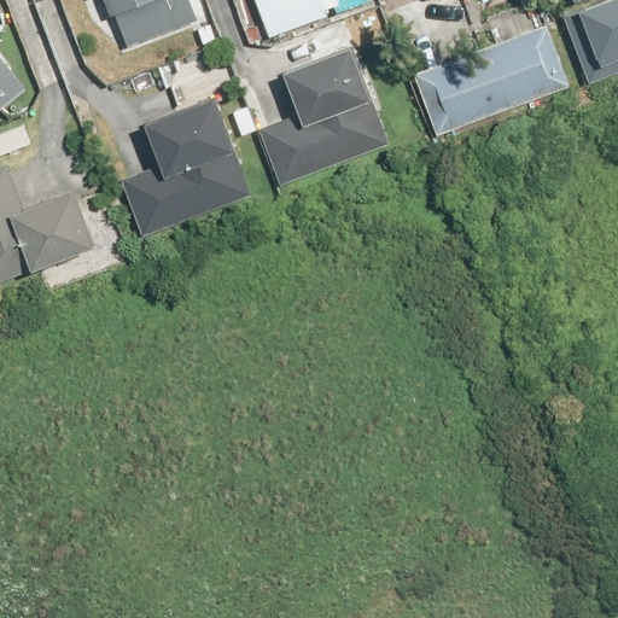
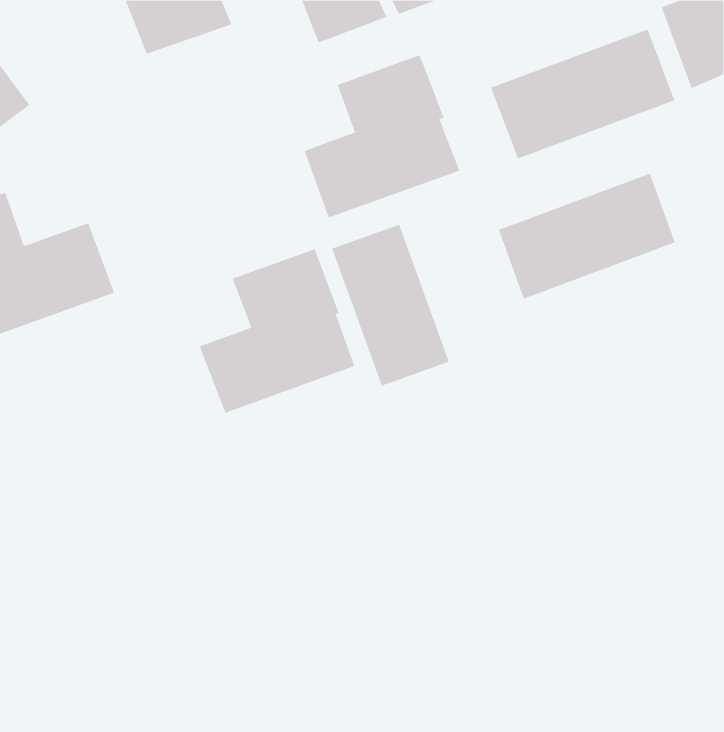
building: [118,97,250,235] -> [199,248,355,414]
building: none -> [498,173,676,299]
building: none -> [331,224,450,387]

